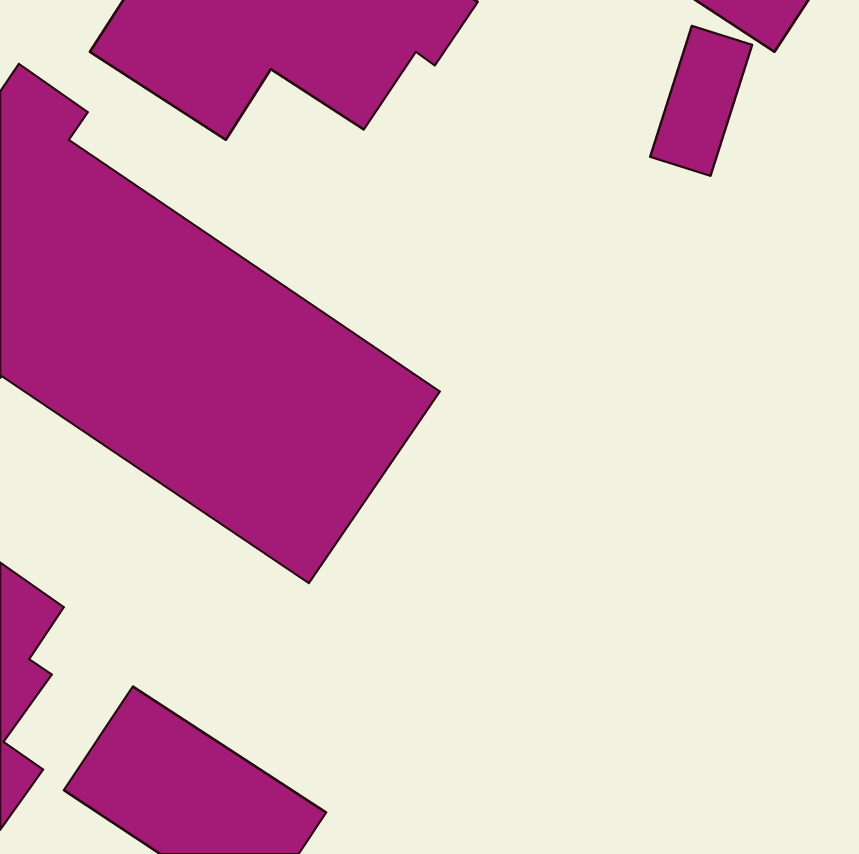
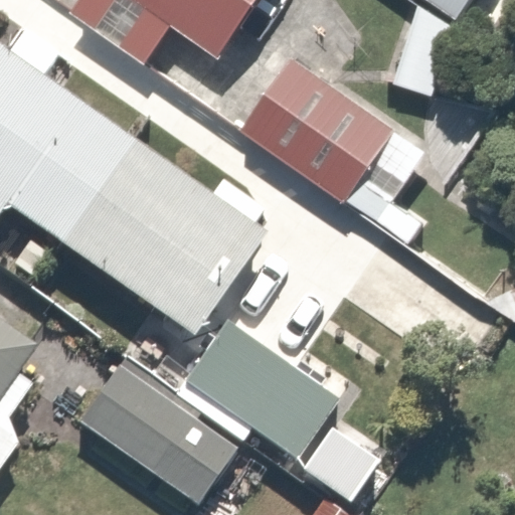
building: none -> [247,67,414,221]
building: none -> [186,333,334,466]

